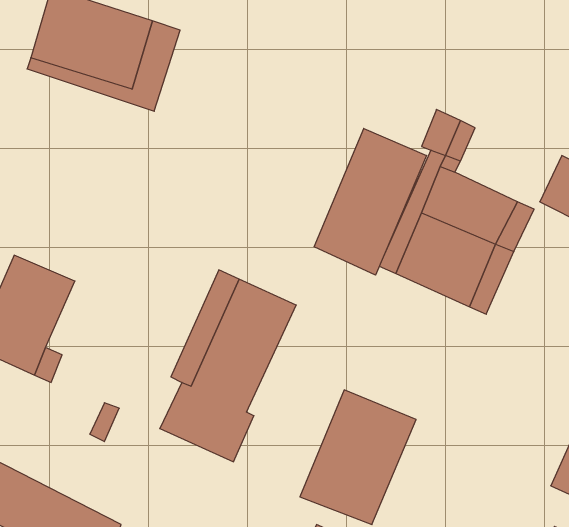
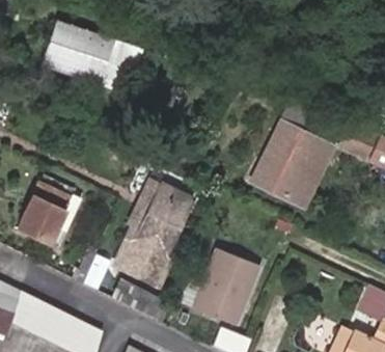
building: [314,128,426,275] -> none

